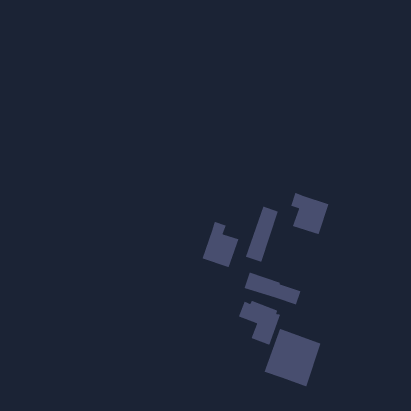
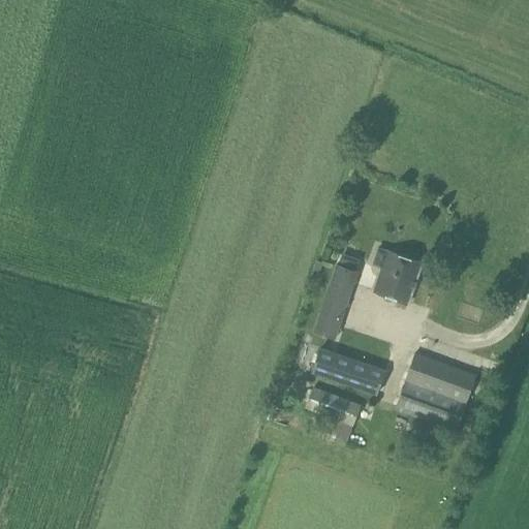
building: [202,221,239,268] -> none
building: [263,328,321,387] -> [397,352,471,429]

